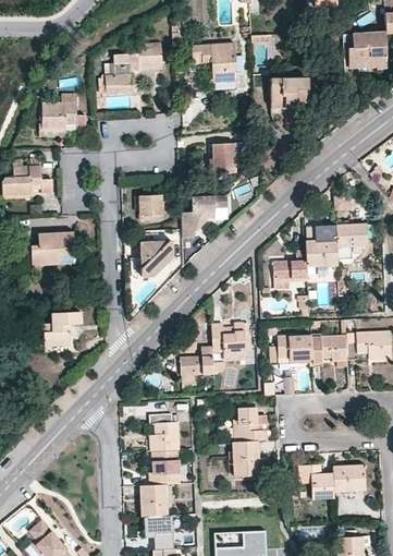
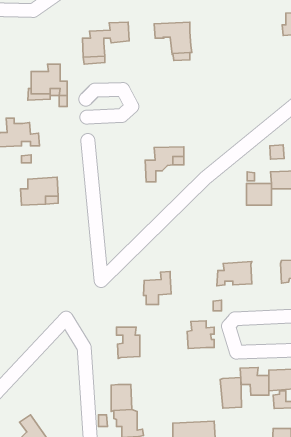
building: [271,77,319,108] -> none
building: [213,144,237,173] -> none
building: [140,194,171,220] -> none
building: [140,239,173,275] -> none
building: [273,252,308,286] -> none
building: [44,312,82,347] -> none
building: [211,324,245,352] -> none
building: [310,337,347,364] -> none
building: [231,439,257,476] -> [220,378,242,408]
building: [148,450,179,484] -> none

